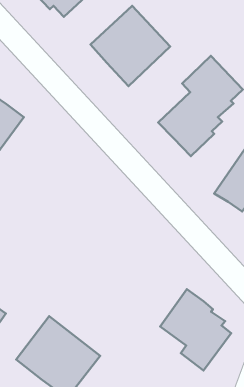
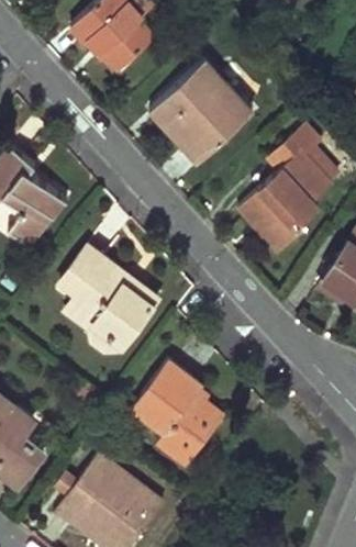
building: none -> [55,256,152,361]
building: [160,289,231,370] -> [132,360,222,464]

